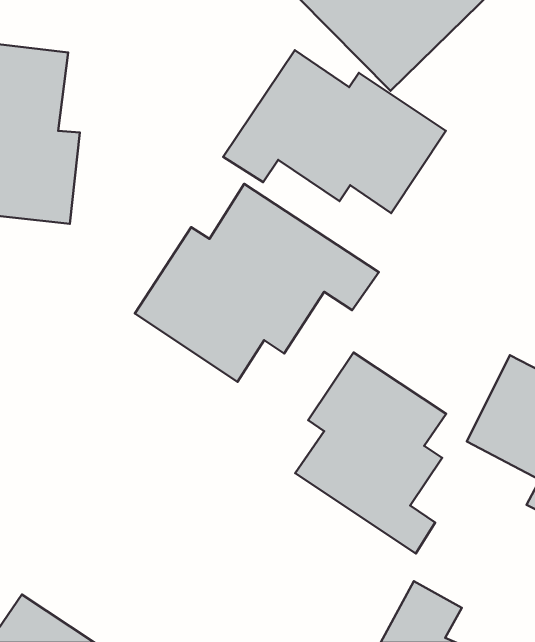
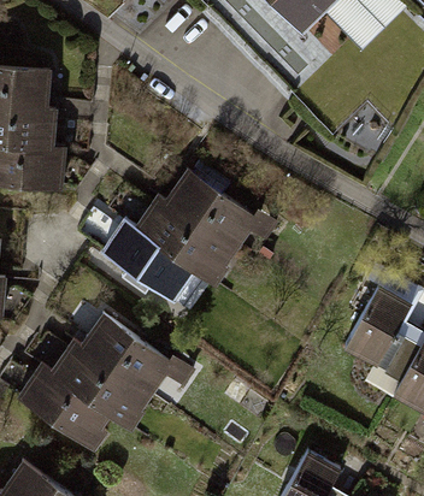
building: [223,50,446,213] -> none
building: [295,353,446,554] -> none
building: none -> [20,305,194,444]

